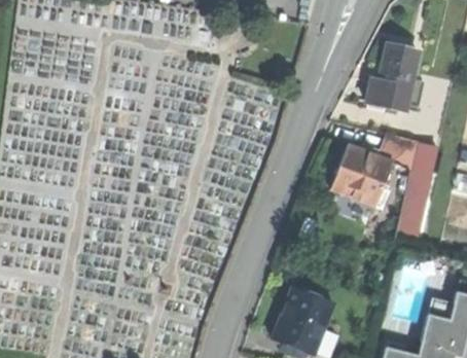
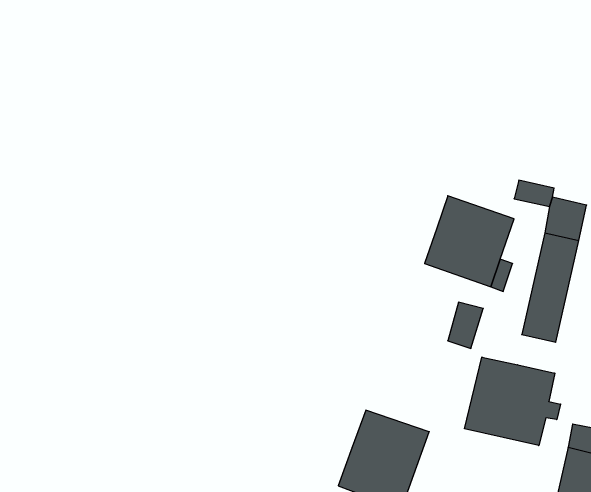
building: [366,44,418,110] -> none
building: none -> [465,357,561,446]

